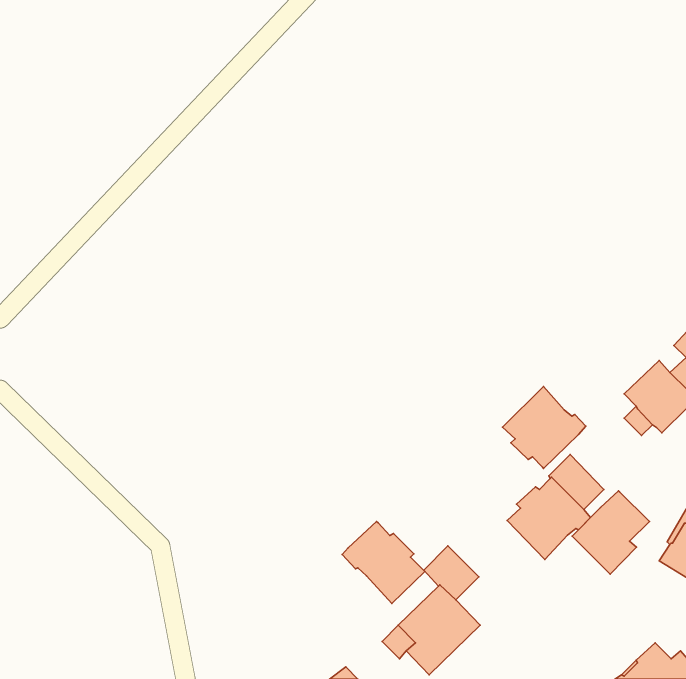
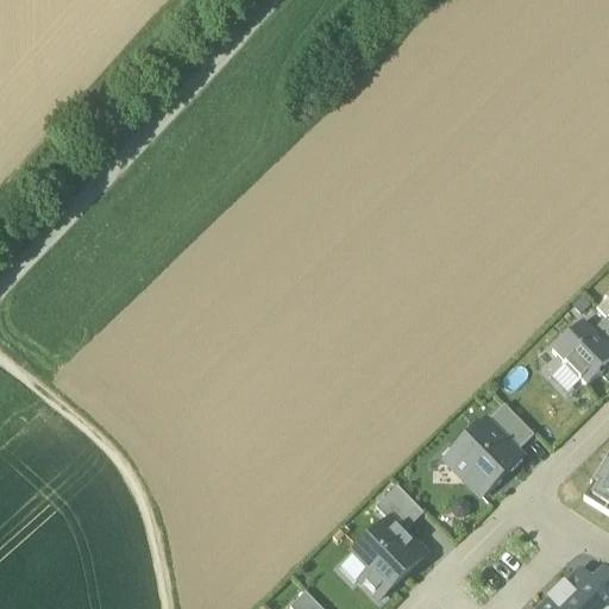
building: [503,386,586,468] -> none
building: [572,491,650,574] -> none
building: [342,521,425,604] -> none

